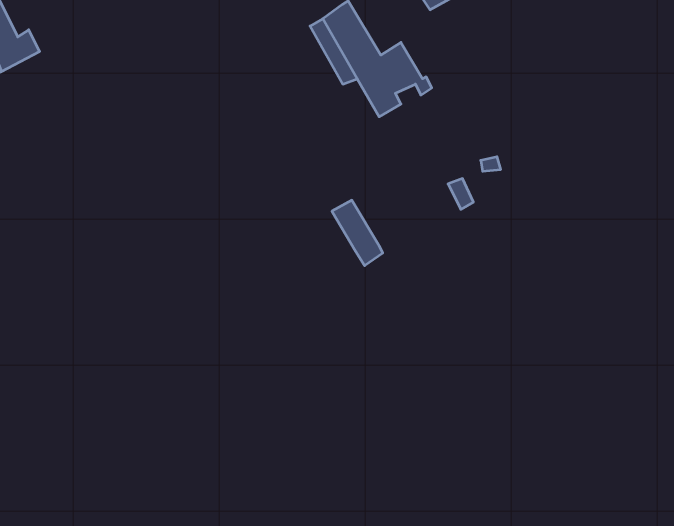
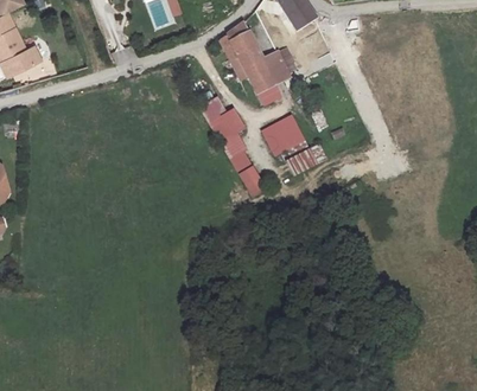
building: none -> [210,111,247,162]
building: none -> [265,117,305,155]

